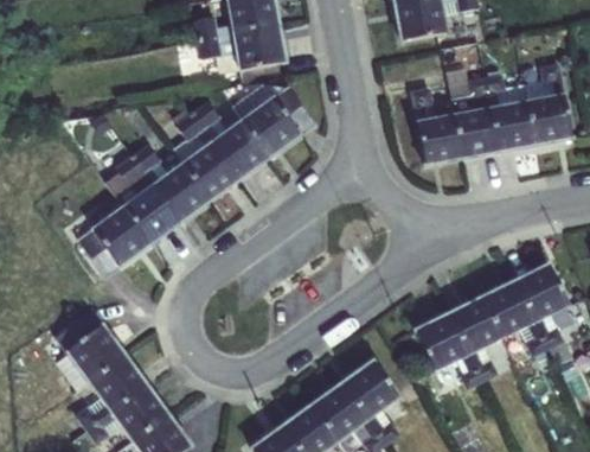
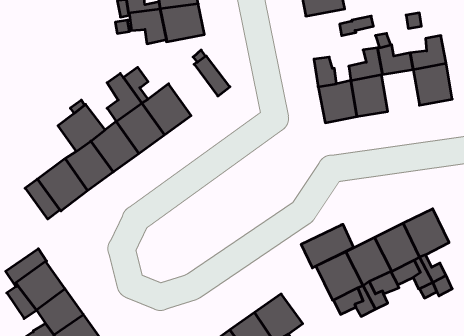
building: [244,95,301,154] -> none
building: [490,101,534,149] -> none
building: none -> [301,224,353,268]

